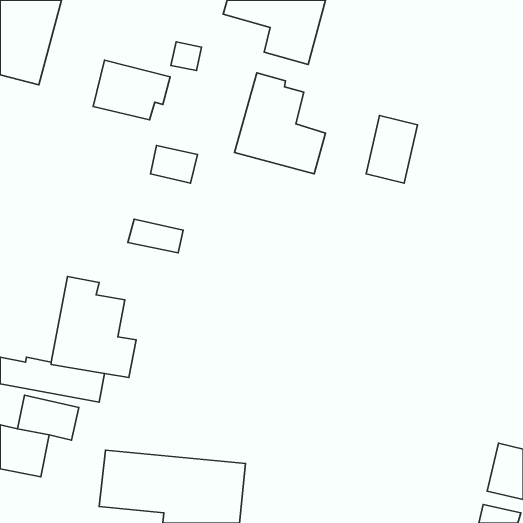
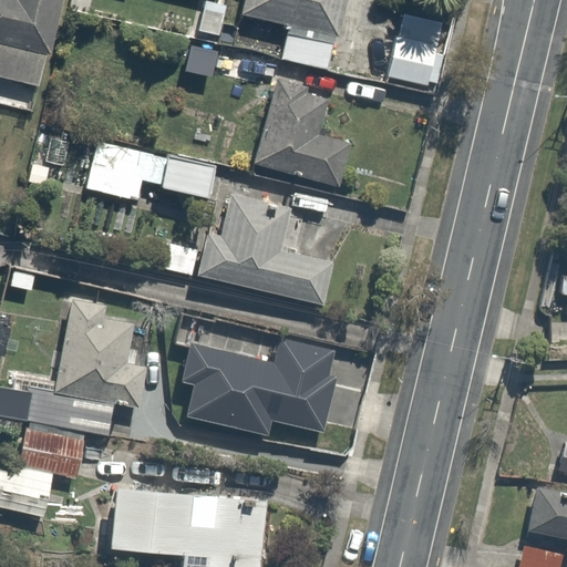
building: [93,60,170,120] -> [80,136,163,200]
building: [366,116,417,183] -> [389,13,444,86]
building: none -> [197,194,332,303]
building: none -> [183,337,338,436]

